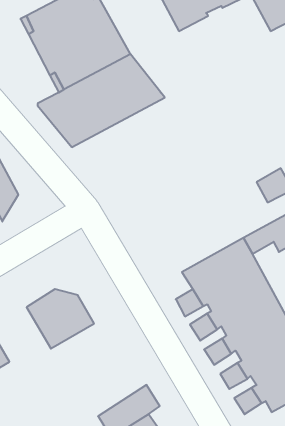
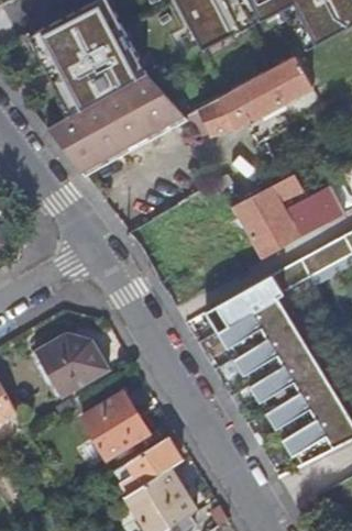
building: none -> [182,55,311,137]
building: none -> [230,177,294,256]
building: none -> [81,391,147,457]

